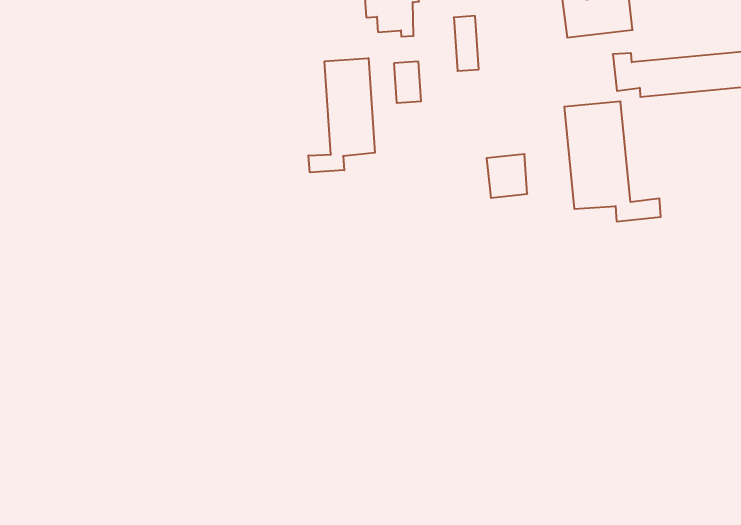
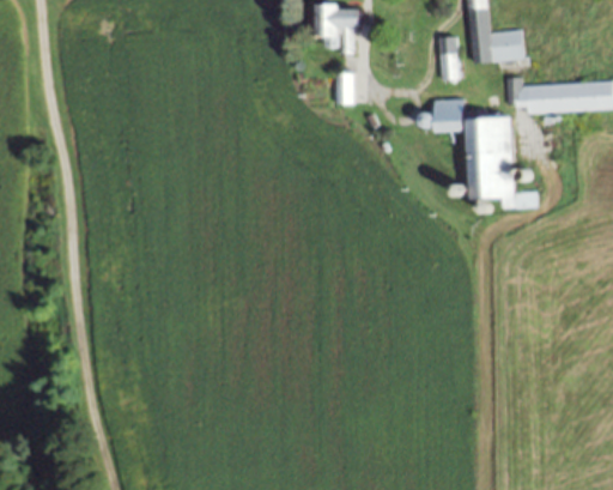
building: [454,16,479,71] -> [441,37,457,79]
building: [308,58,375,172] -> none
building: [486,154,527,198] -> [433,99,463,132]

